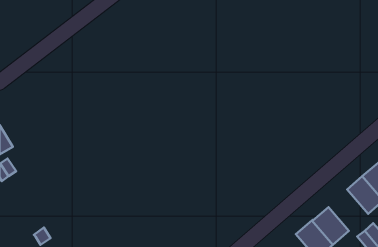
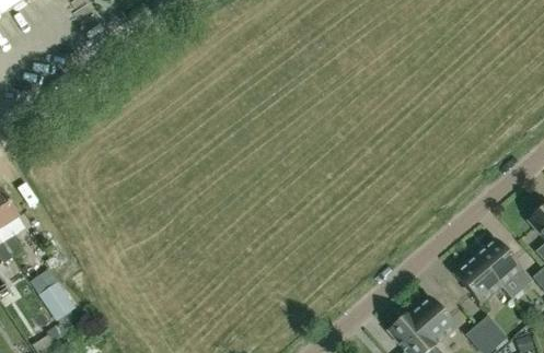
building: none -> [28,268,74,320]

